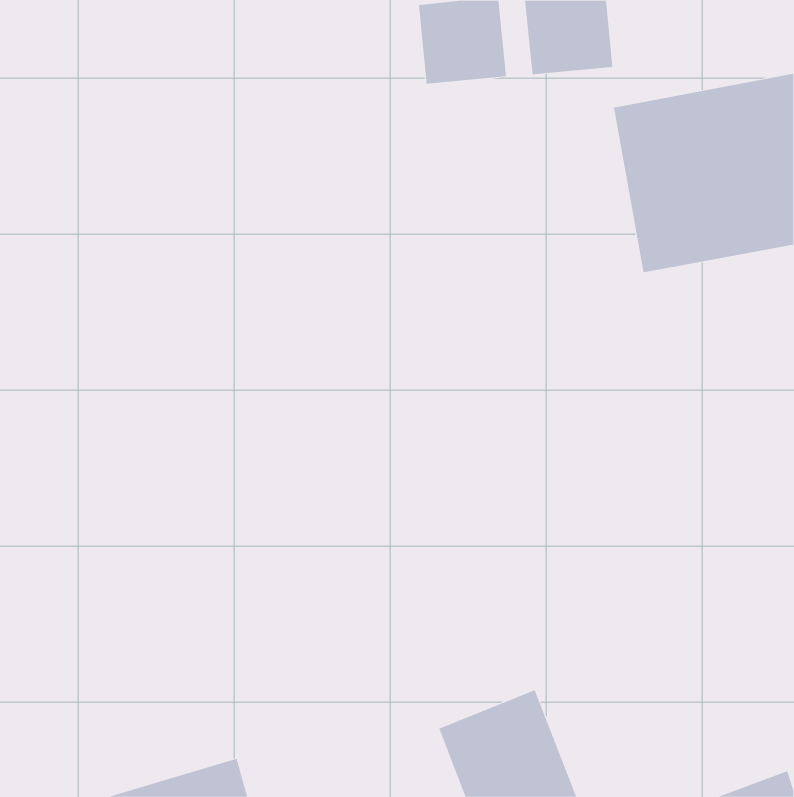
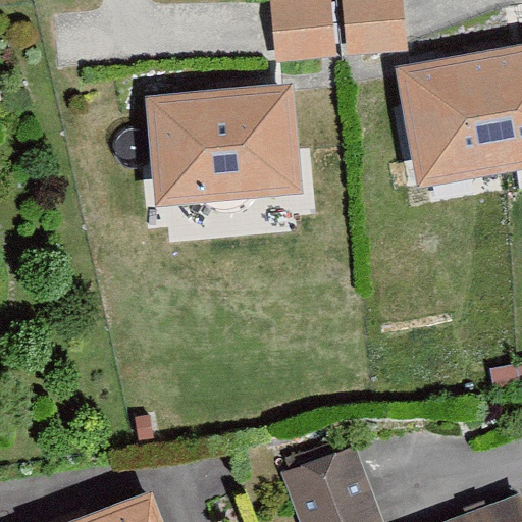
building: none -> [152,92,295,197]

